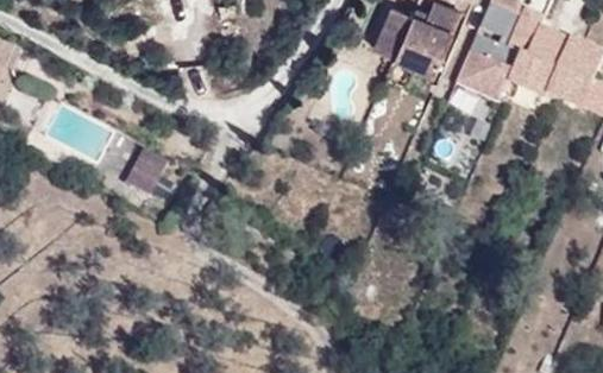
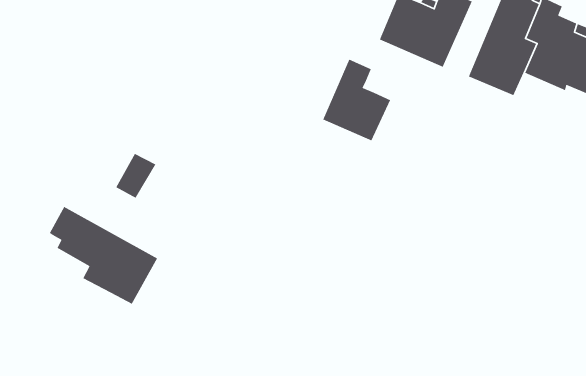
building: none -> [322,59,391,142]
building: none -> [49,206,158,305]

